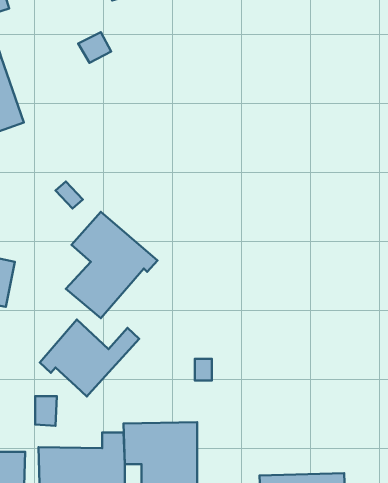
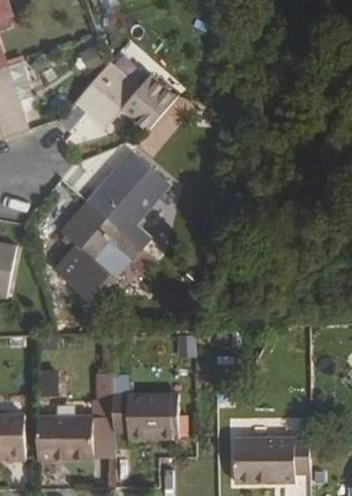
building: none -> [57,64,177,146]
building: none -> [92,154,167,247]
building: [40,320,139,396] -> none

